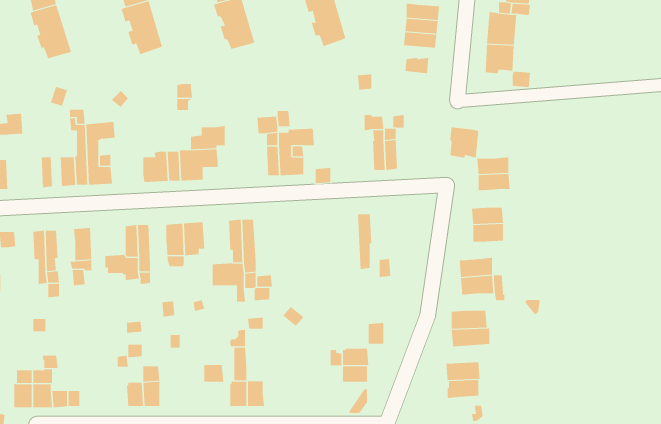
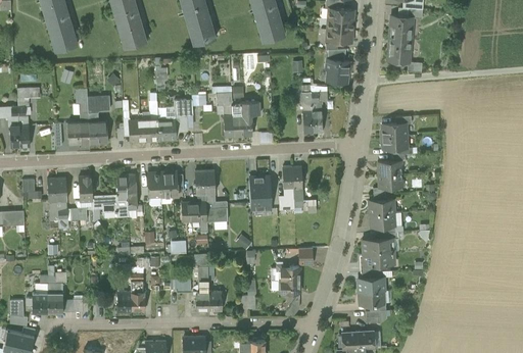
building: [449,127,479,158] -> [326,59,348,83]
building: none -> [278,166,293,209]
building: none -> [248,176,271,210]

